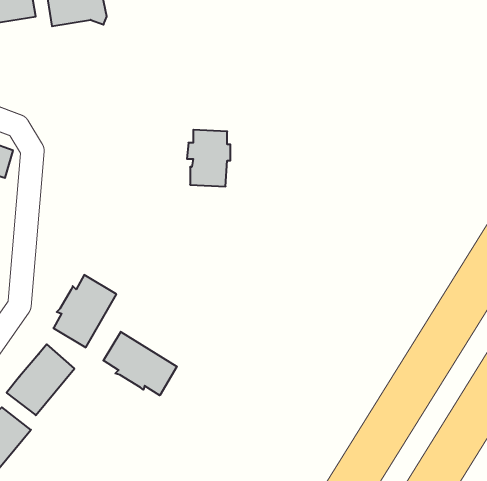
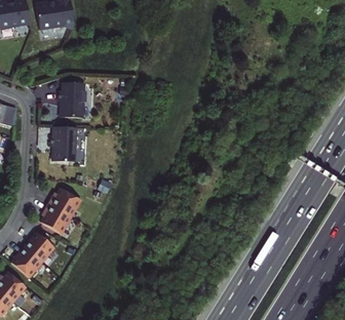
building: [187,130,230,186] -> [57,82,85,118]
building: none -> [50,126,76,162]
building: [103,332,177,395] -> none

